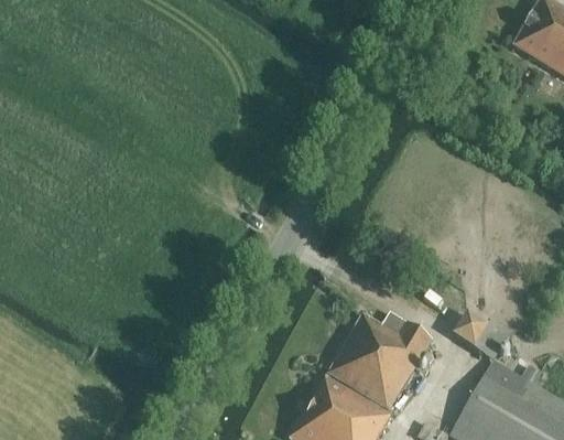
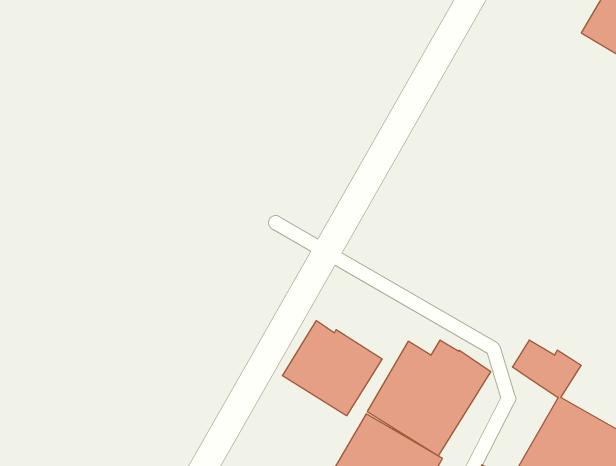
building: none -> [282,321,382,416]

